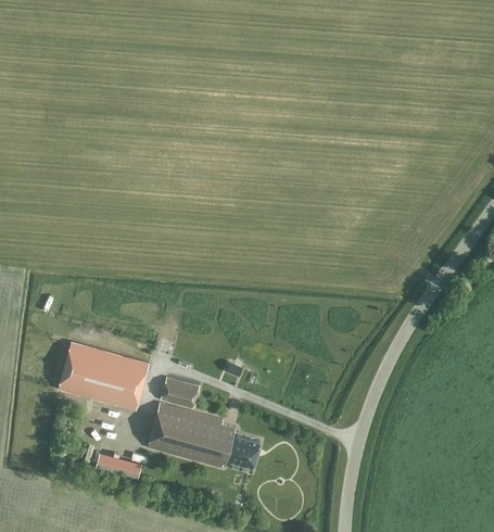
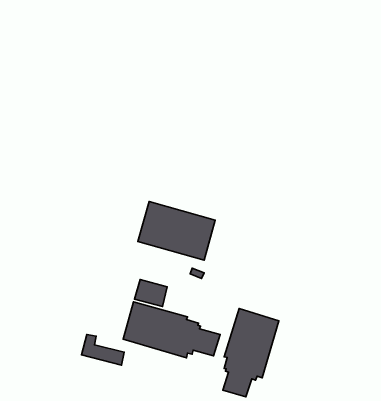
building: [58,342,148,410] -> [138,201,215,260]
building: none -> [223,309,279,397]

